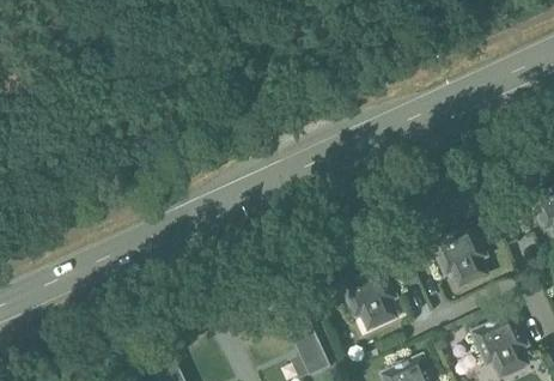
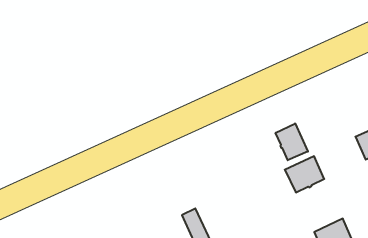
building: none -> [276,123,308,160]
building: [340,268,395,319] -> none

